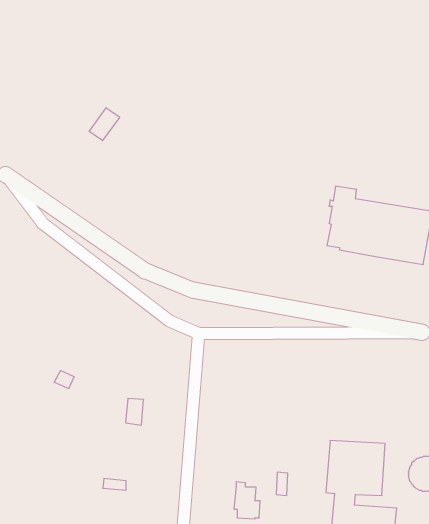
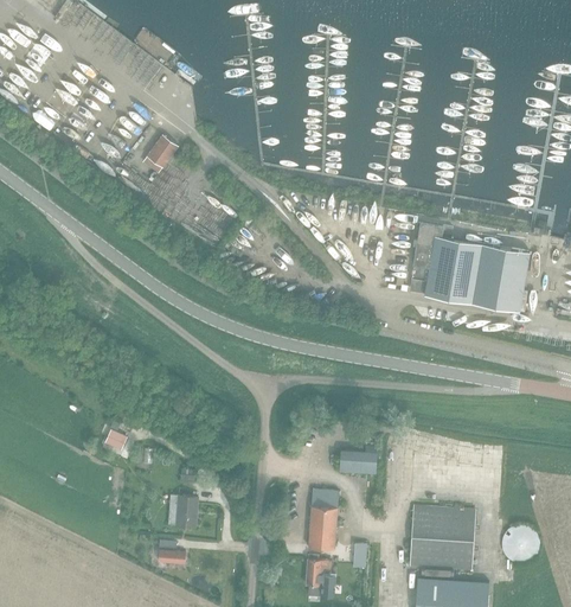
building: none -> [339,451,377,474]
building: [126,399,144,425] -> [178,496,198,525]
building: none -> [308,488,339,549]

